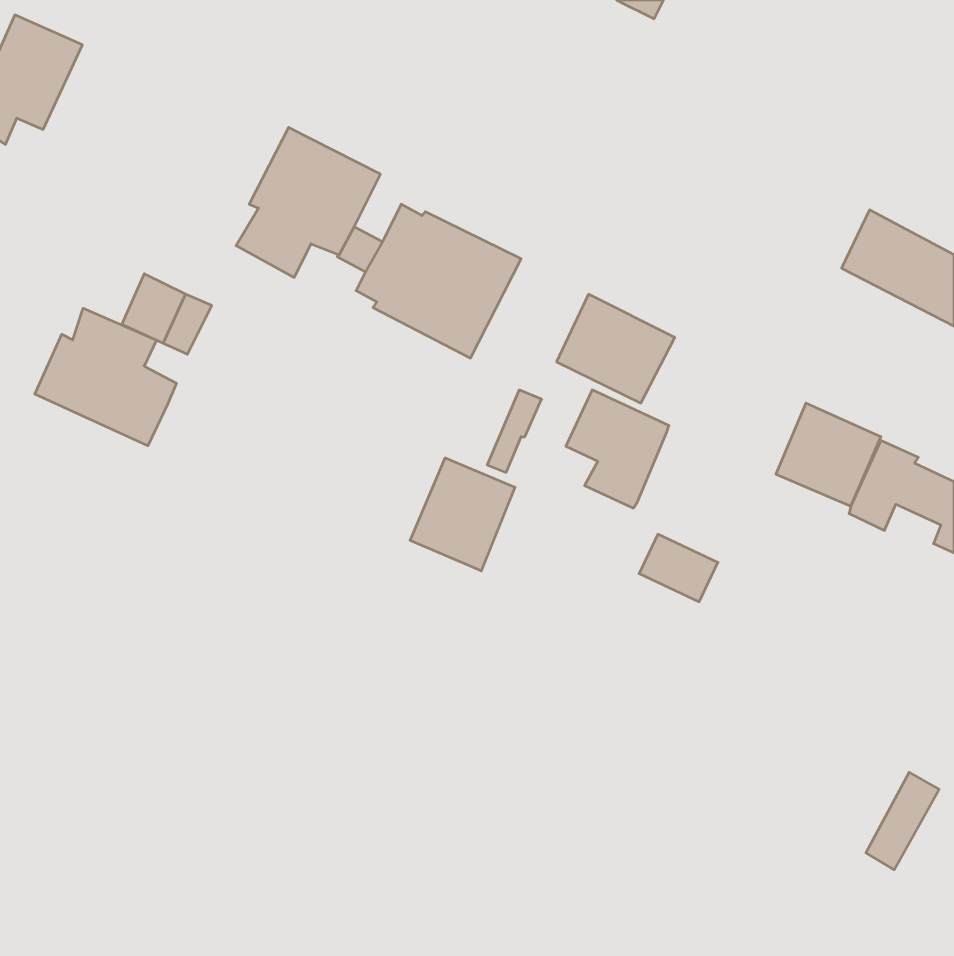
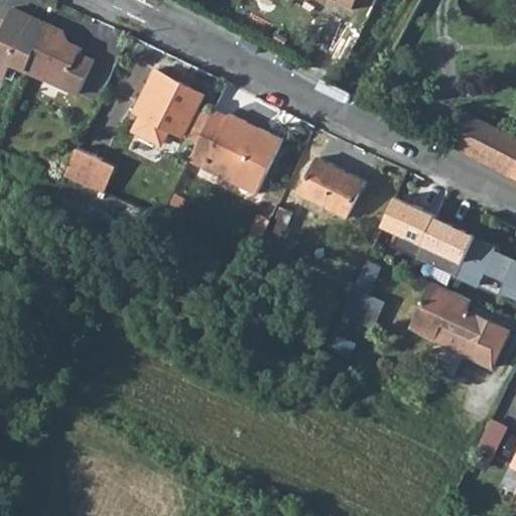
building: none -> [23,25,93,95]
building: [35,308,176,446] -> none
building: [566,390,669,508] -> [379,196,434,259]
building: [410,458,515,571] -> none
building: none -> [411,282,507,364]

